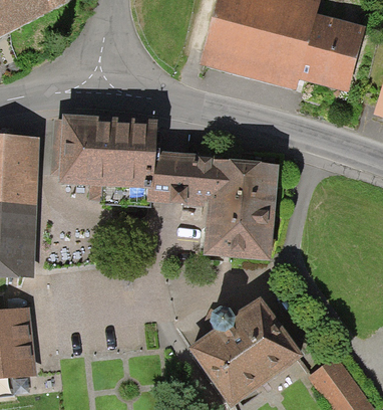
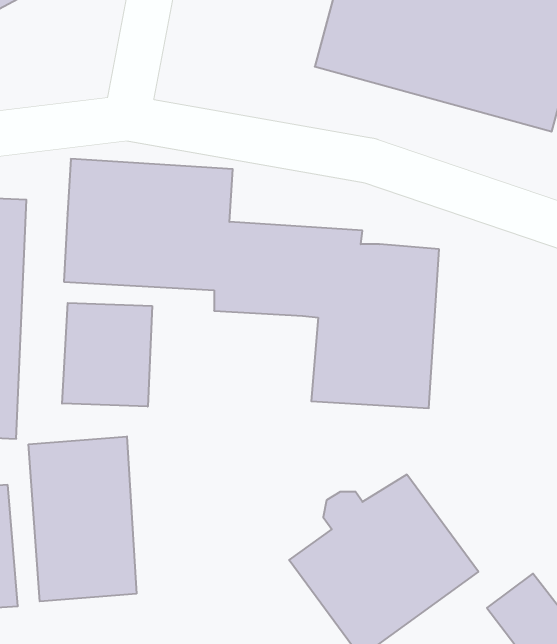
building: none -> [62,303,152,407]
building: none -> [29,436,136,601]

